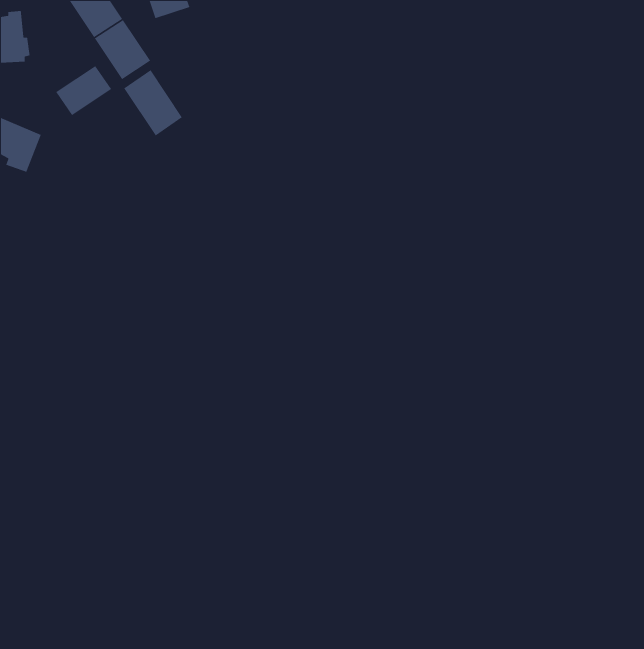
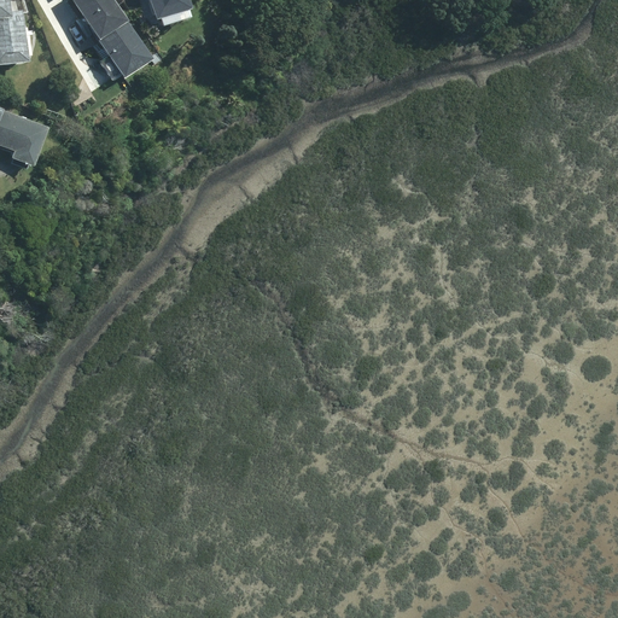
building: [55,65,112,116] -> none
building: [123,69,183,136] -> none

